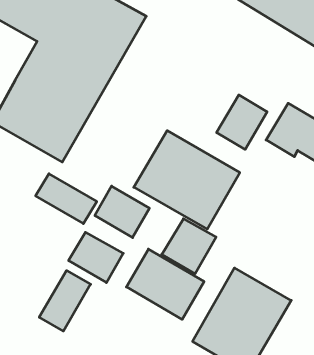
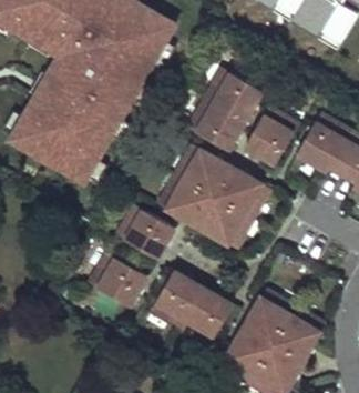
building: none -> [191,58,271,150]
building: [36,174,97,224] -> none
building: [162,219,216,274] -> none
building: [39,271,91,331] -> none

